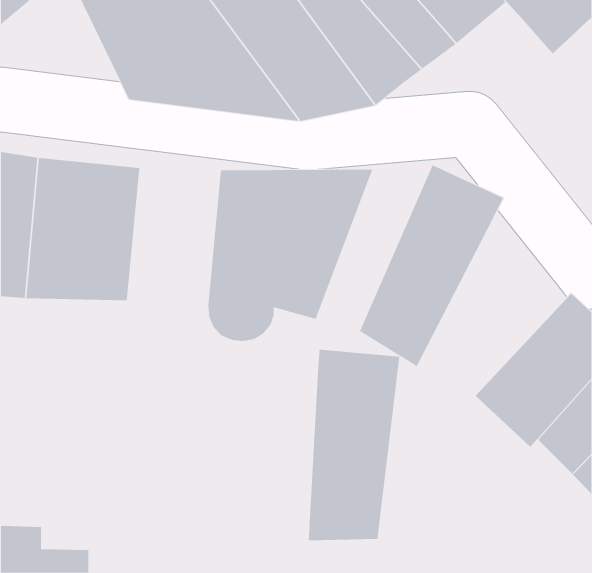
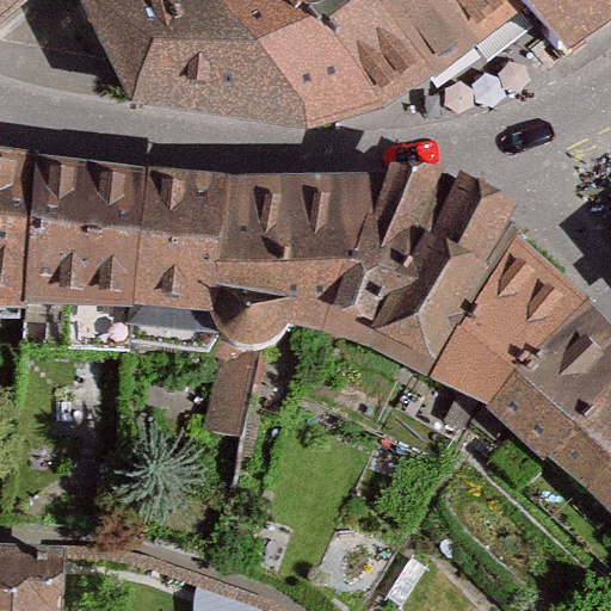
building: none -> [326,166,445,341]
building: none -> [131,173,227,315]
building: none -> [430,226,588,408]
building: [308,349,400,541] -> none

